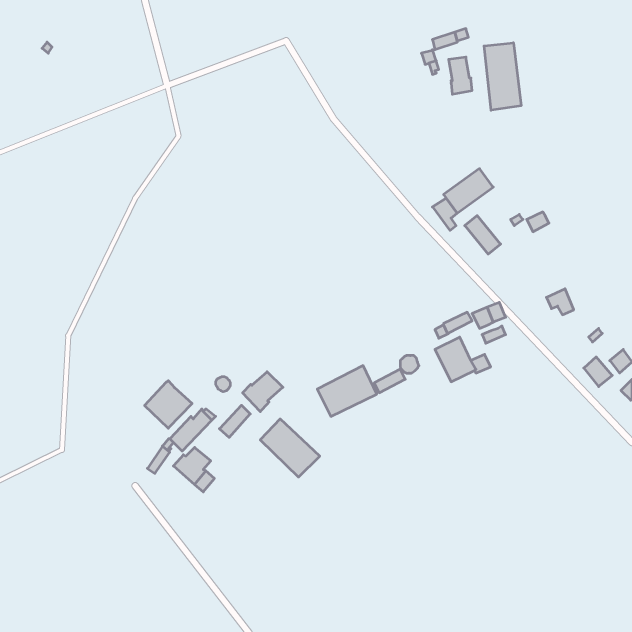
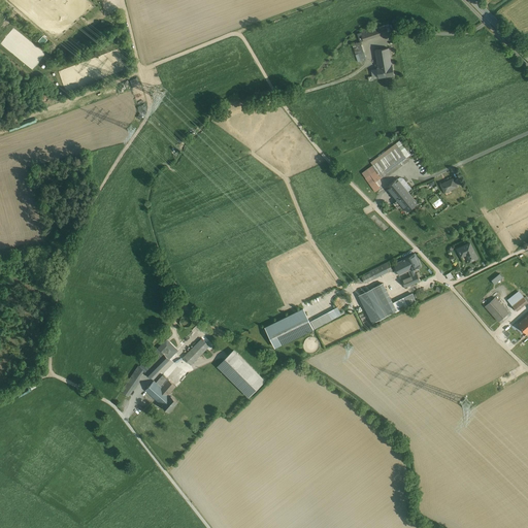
building: [484,43,521,110] -> none
building: [243,372,283,412] -> none
building: [145,381,192,428] -> none

